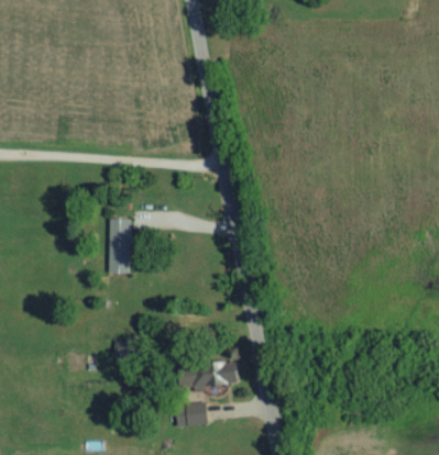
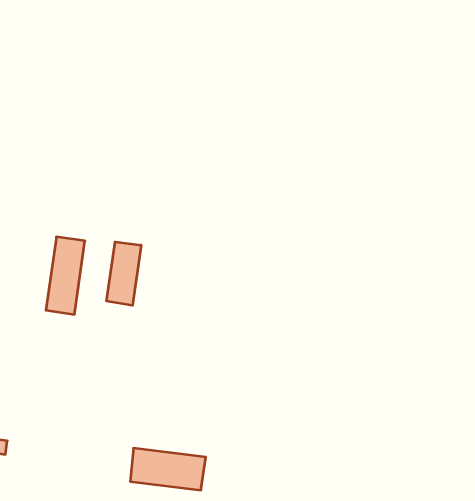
building: none -> [107,242,141,305]

